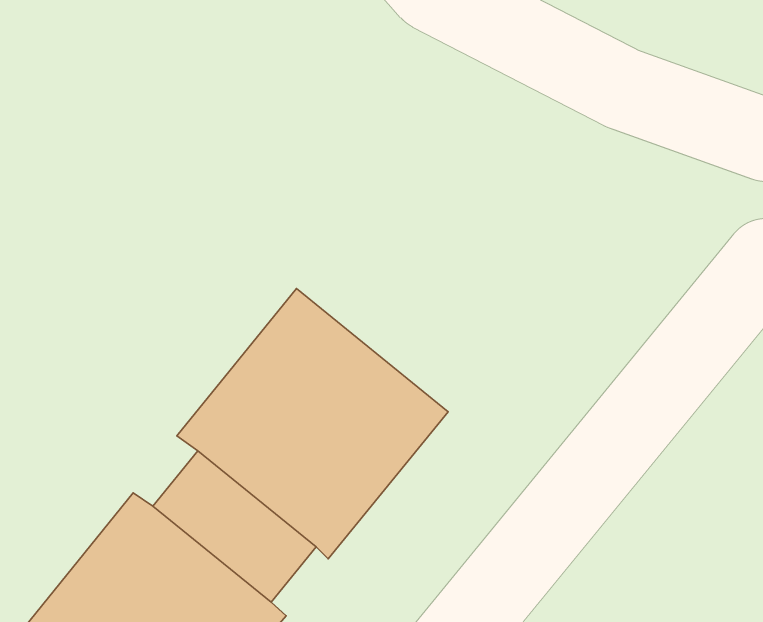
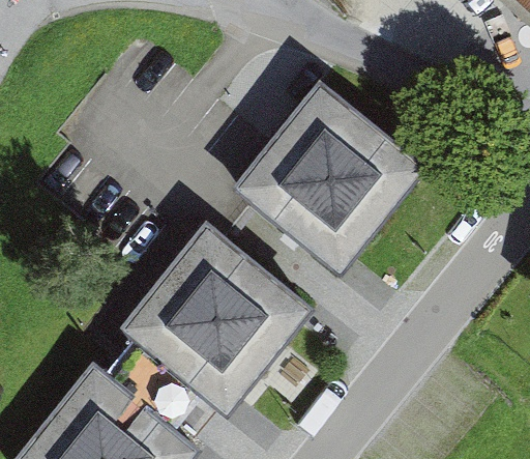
building: none -> [237,85,423,270]

